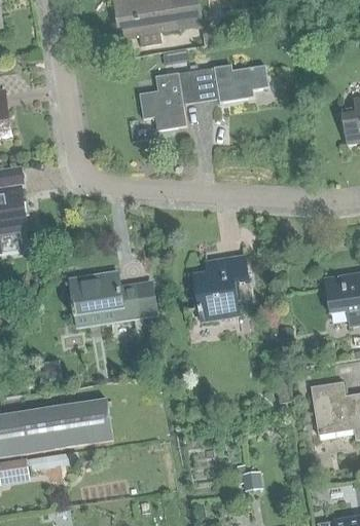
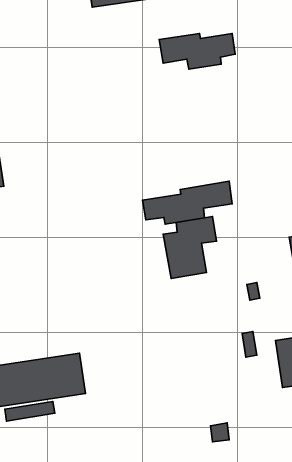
building: [139,71,193,130] -> none
building: none -> [142,181,232,224]
building: [69,272,159,322] -> none

